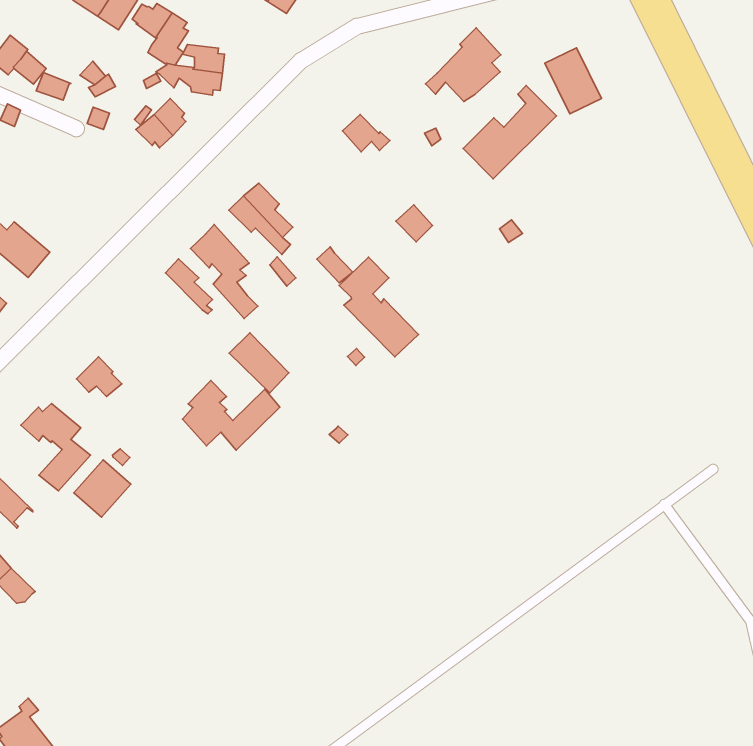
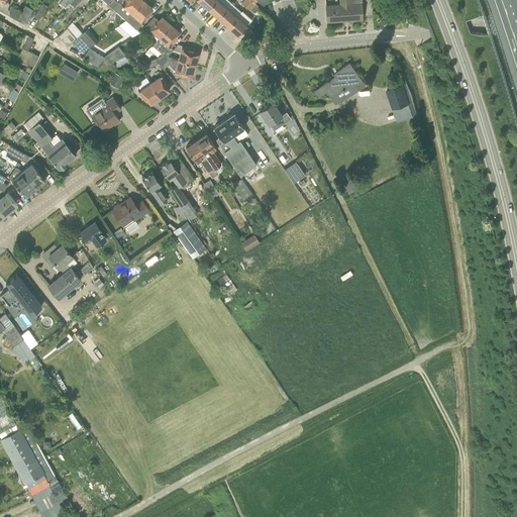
building: [463,85,556,179] -> none
building: none -> [91,98,121,130]
building: [339,257,418,357] -> [214,114,256,176]
building: none -> [112,197,149,225]
building: [183,381,280,450] -> none
building: [74,460,131,517] -> none

